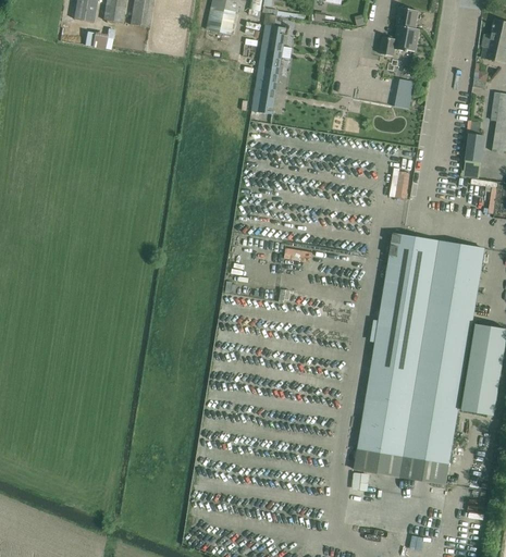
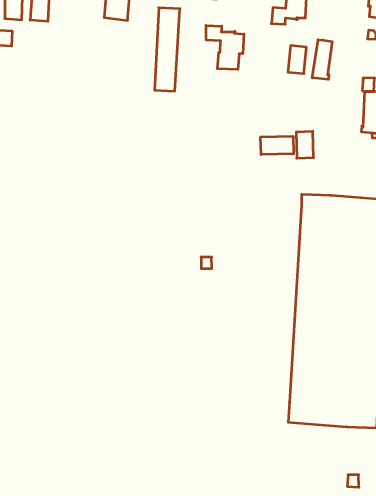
building: none -> [206,25,244,69]
building: none -> [312,40,332,79]
building: none -> [261,136,293,155]

